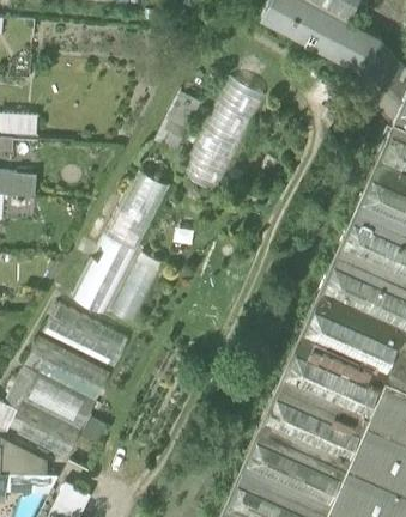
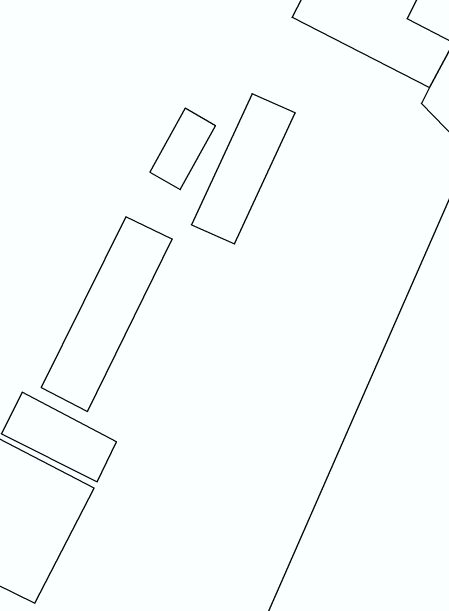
building: [114,250,159,323] -> none

